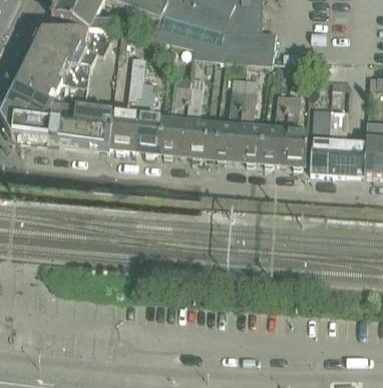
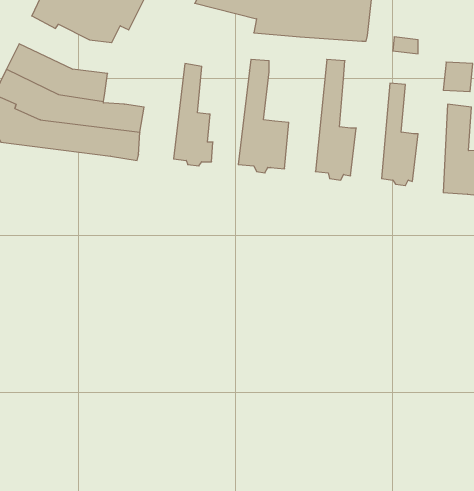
building: [24,47,90,88] -> none
building: [109,57,145,151] -> none
building: [158,77,189,156] -> none
building: [214,77,244,161] -> none
building: [261,94,289,165] -> none
building: [309,109,330,173] -> none

